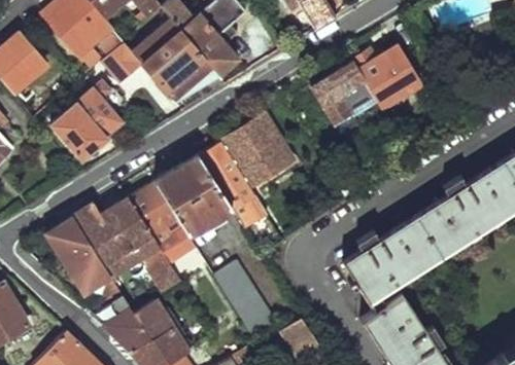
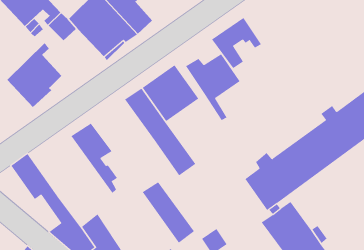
building: [353,48,421,133] -> [185,54,240,121]
building: [154,156,232,235] -> none
building: [73,198,181,292] -> none

